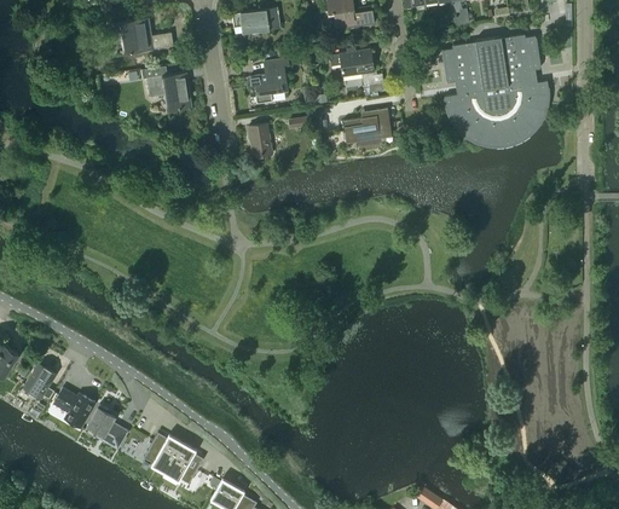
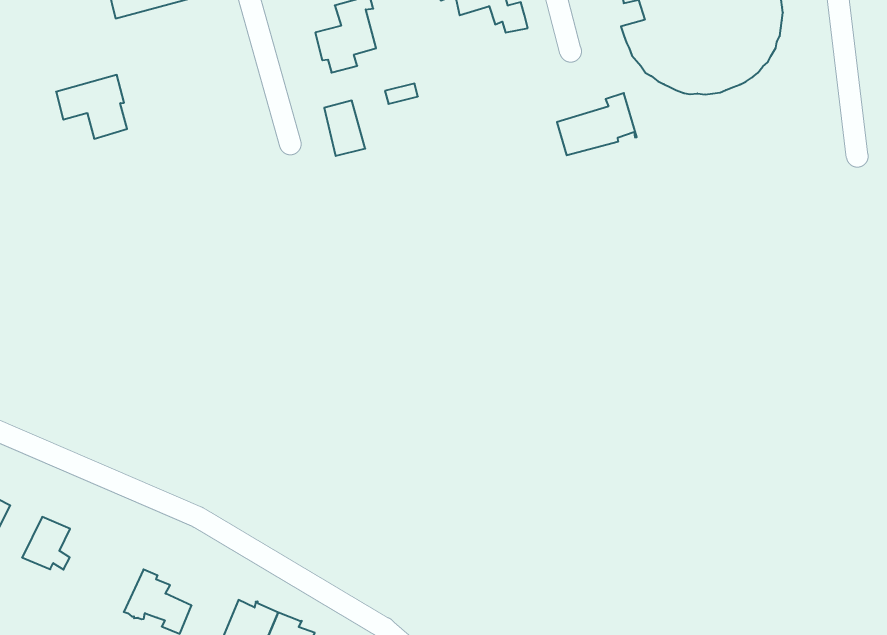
building: [146,73,189,111] -> [56,75,127,139]
building: [342,108,392,143] -> [557,93,637,155]
building: [52,388,94,428] -> none

